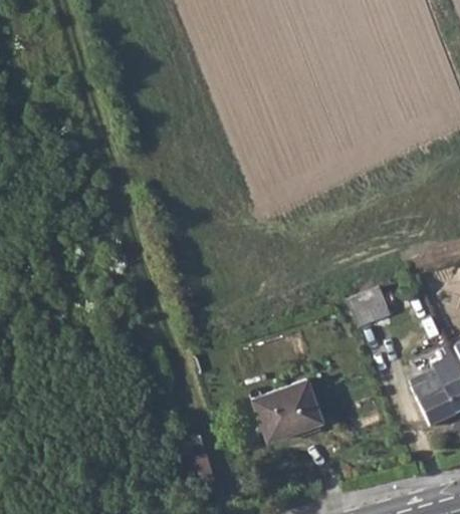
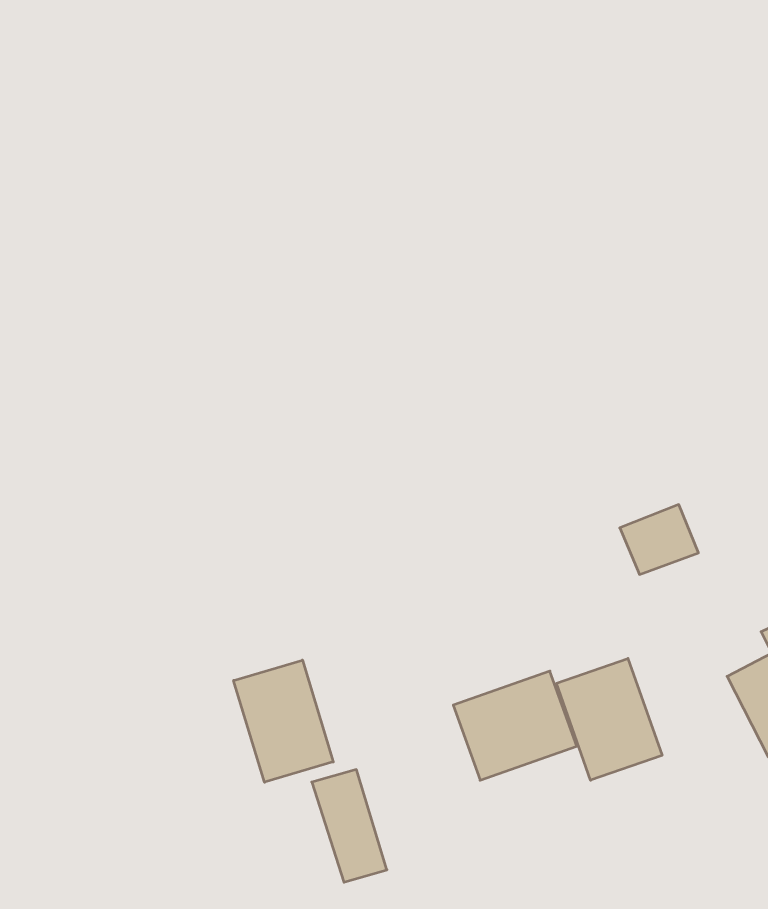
building: none -> [557,658,662,780]
building: none -> [234,660,333,782]

